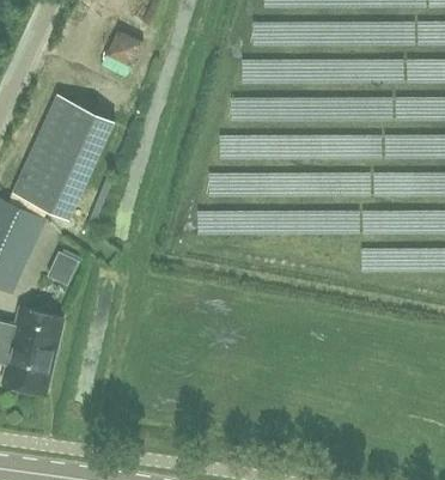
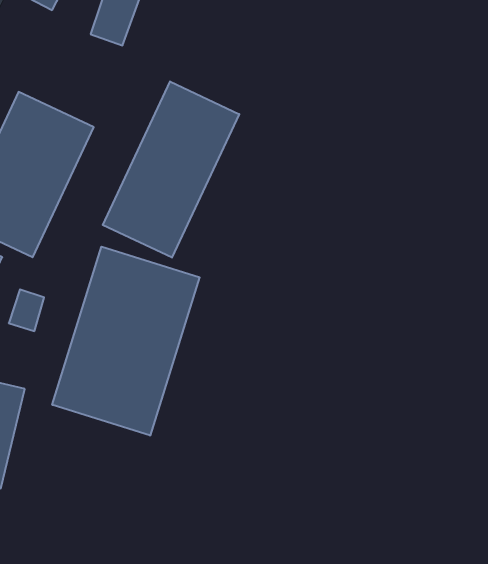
building: none -> [103,81,239,258]
building: none -> [52,247,200,436]

